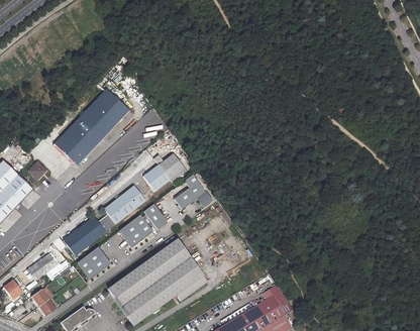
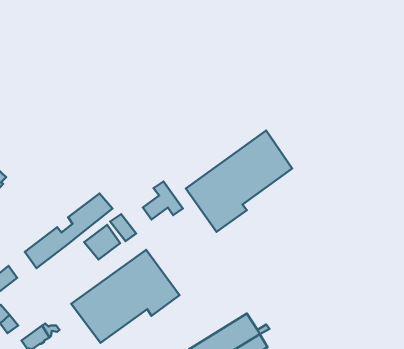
building: [54,90,129,168] -> none
building: none -> [186,131,292,232]
building: [144,152,187,190] -> none
building: [78,246,111,279] -> none

